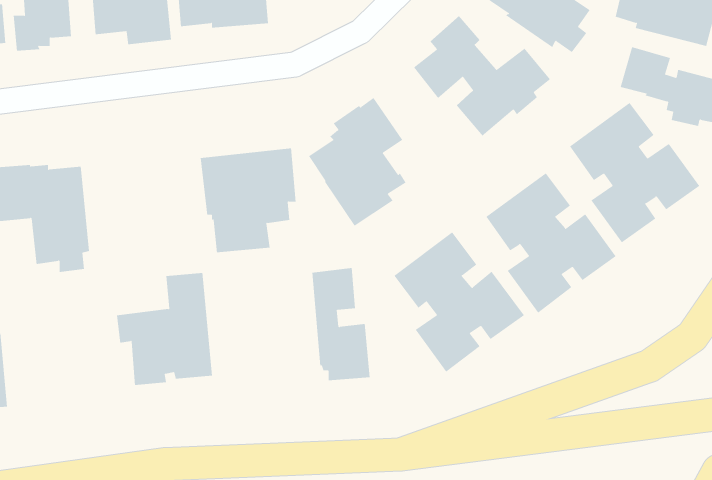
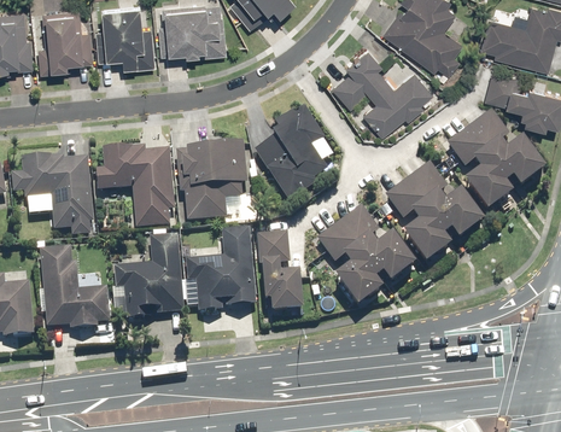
building: none -> [95,148,175,228]
building: none -> [185,229,257,313]
building: none -> [39,249,111,329]

